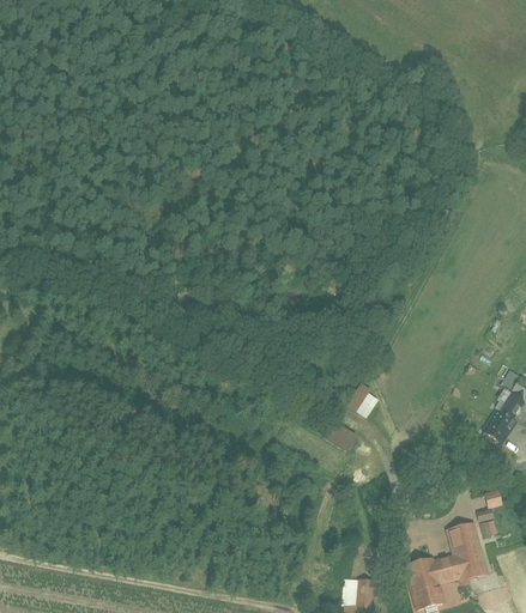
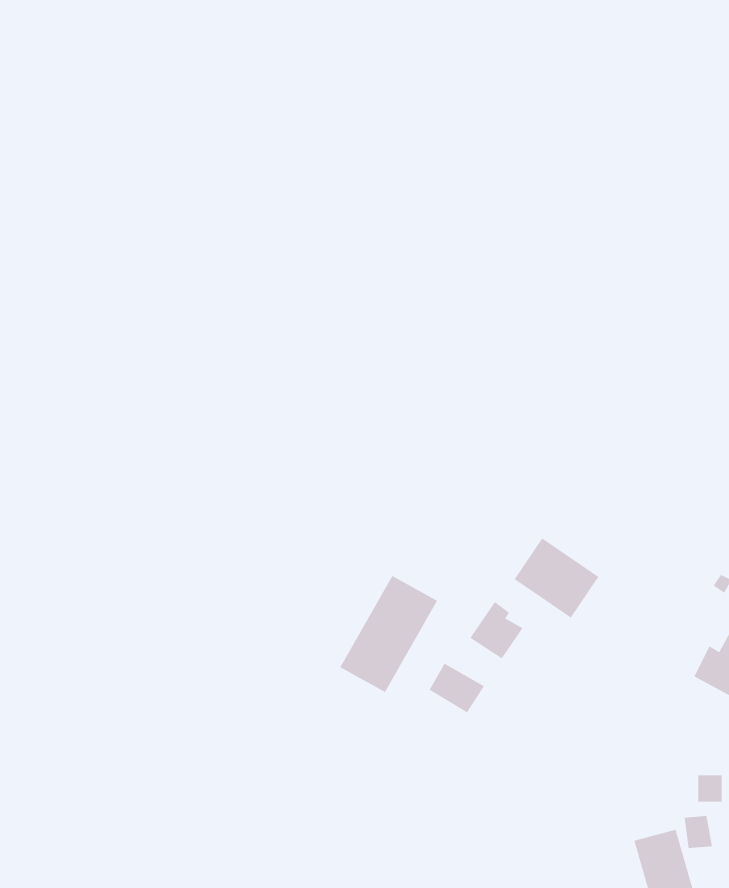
building: none -> [514,538,599,619]
building: none -> [339,575,438,693]

